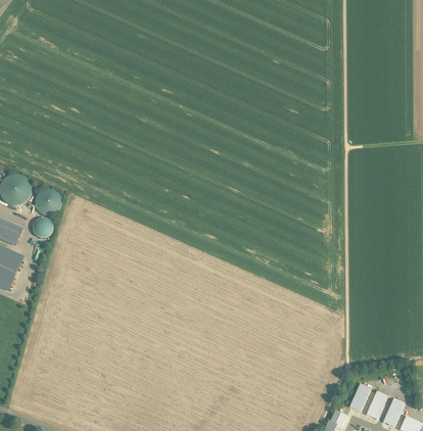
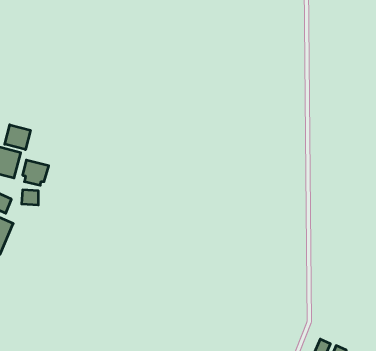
building: none -> [5,125,30,150]

